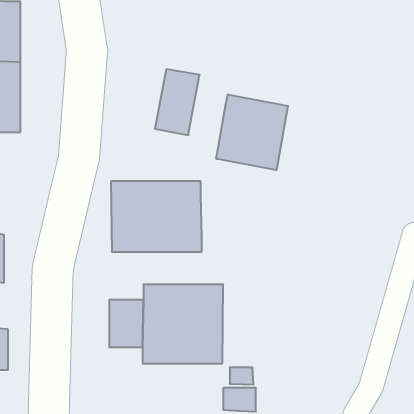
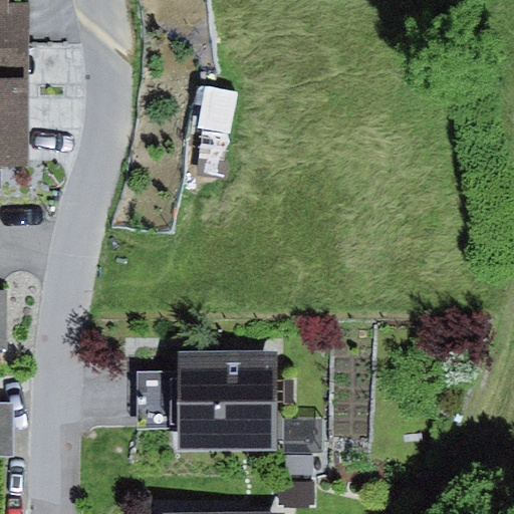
building: [216,94,288,170] -> none
building: [111,181,201,252] -> none

